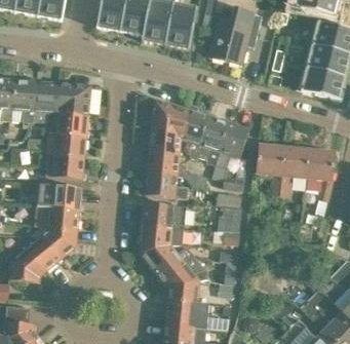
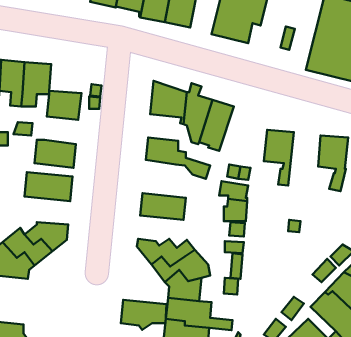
building: [59,84,90,111] -> none
building: [211,123,248,180] -> none
building: [150,130,181,155] -> none
building: [47,132,85,158] -> none
building: [279,147,309,197] -> none
building: [146,173,187,199] -> none
building: [34,206,78,232] -> none
building: [141,224,183,252] -> [121,300,167,330]

